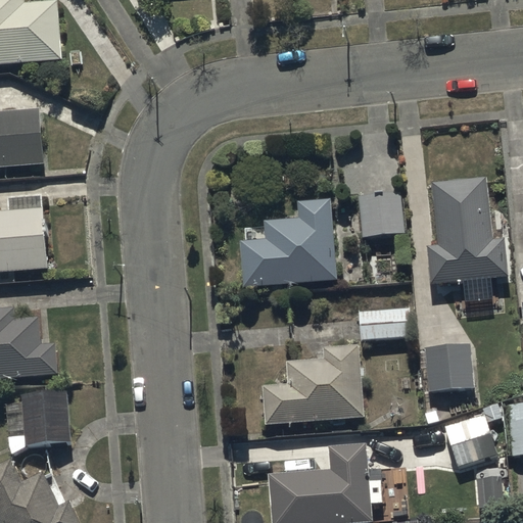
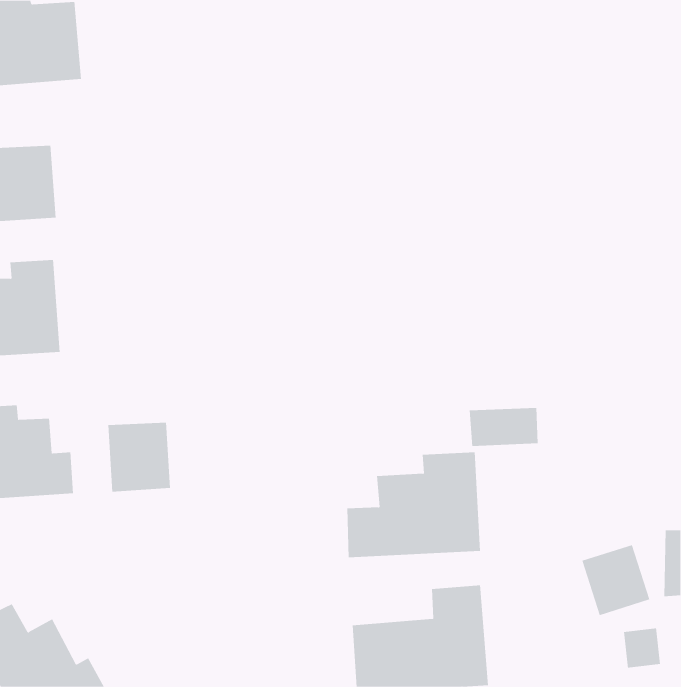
building: [427,178,508,283] -> none
building: [356,192,402,237] -> none
building: [240,200,333,285] -> none
building: [423,345,472,390] -> none
building: [20,391,68,444] -> [108,422,171,492]

